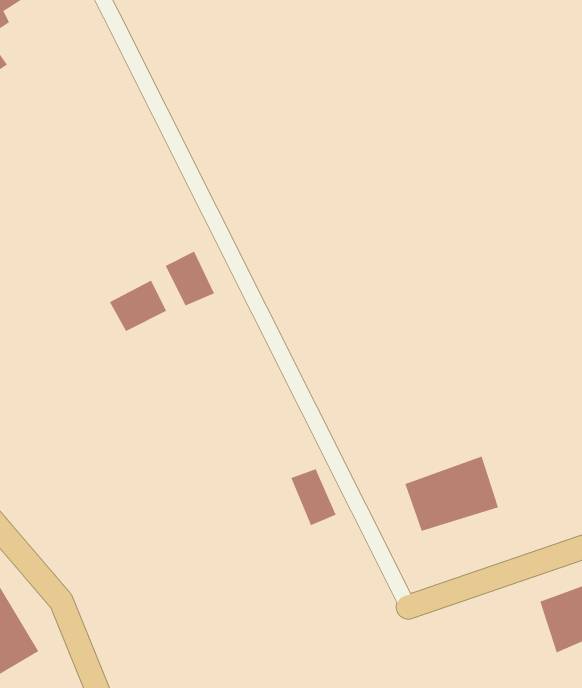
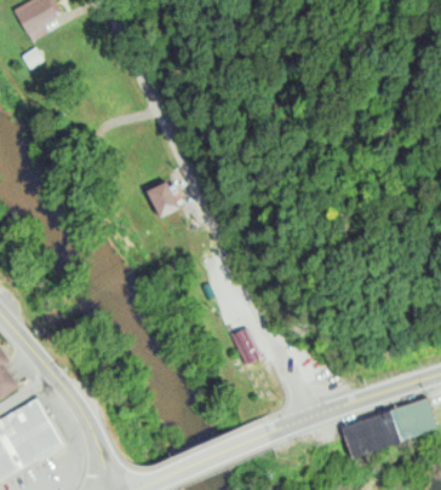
building: [109,280,167,332] -> none
building: [405,456,499,532] -> [342,411,403,461]

